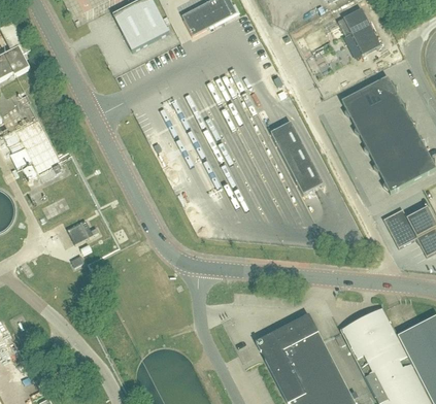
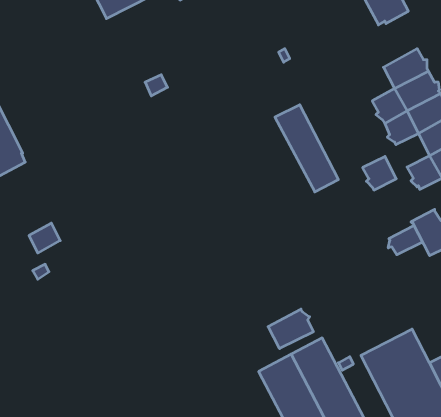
building: [340,90,368,117] -> none
building: [369,144,397,172] -> [363,156,396,190]
building: none -> [388,225,423,255]
building: none -> [268,309,313,349]

